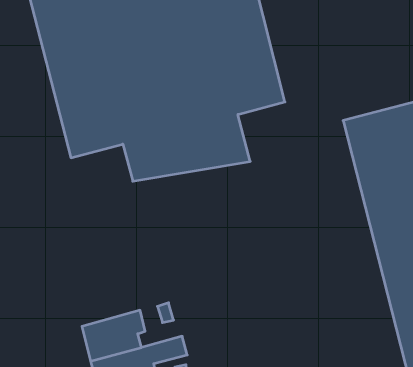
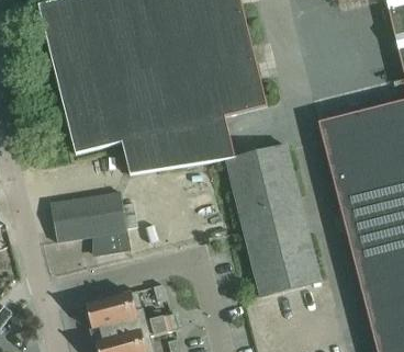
building: none -> [225,145,321,295]
building: none -> [49,192,138,254]

